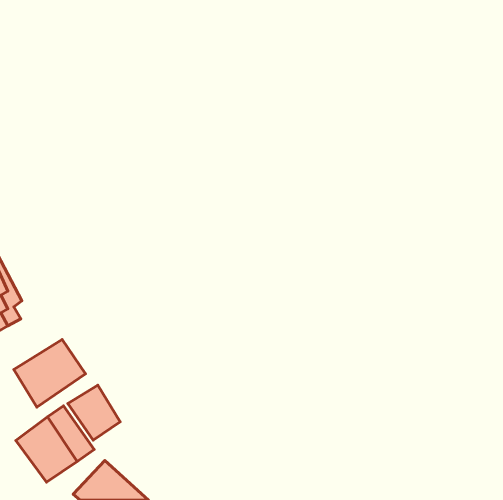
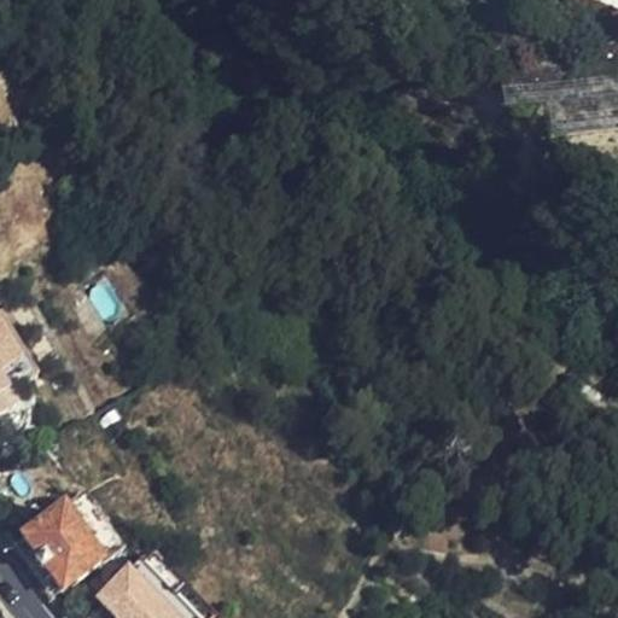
building: [14,340,85,407] -> none
building: [68,385,120,440] -> none

